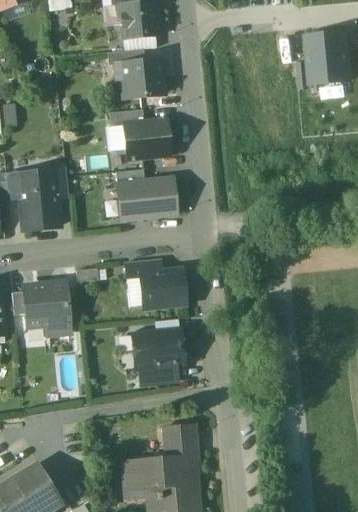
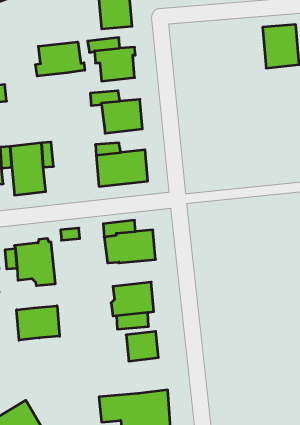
building: none -> [35,42,85,76]
building: none -> [17,306,60,340]
building: [161,423,198,457] -> [126,331,158,361]

